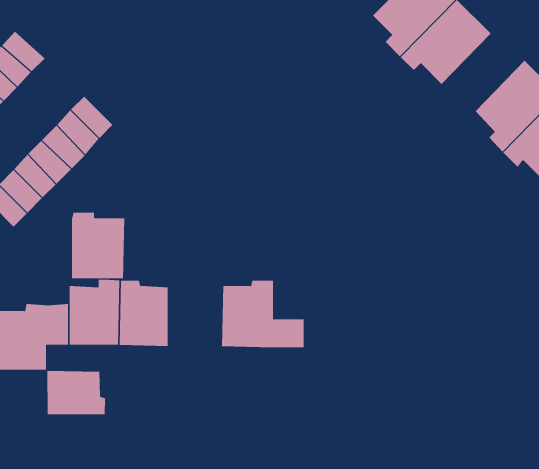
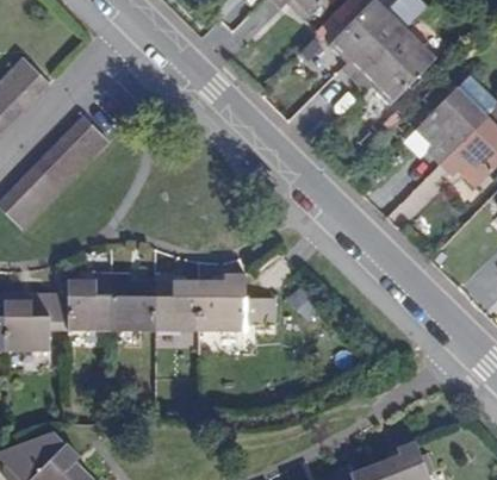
building: [71,212,125,279] -> [154,273,200,330]
building: [47,370,105,415] -> none

